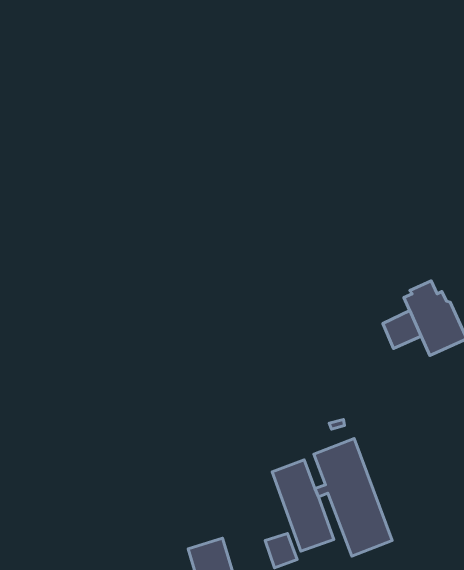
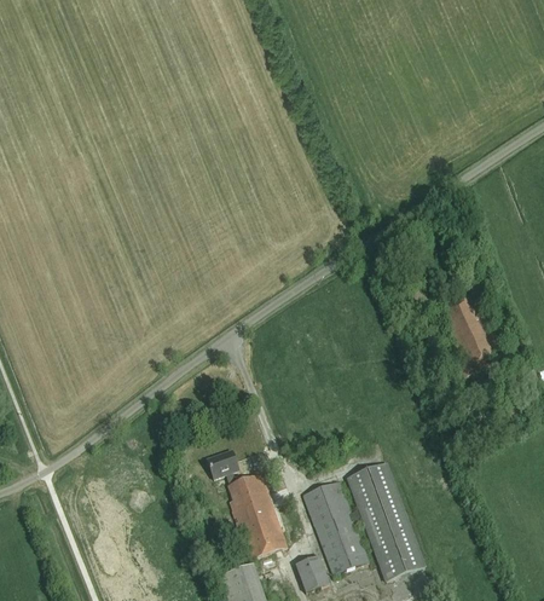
building: [383,311,421,348] -> none
building: none -> [206,449,287,557]

